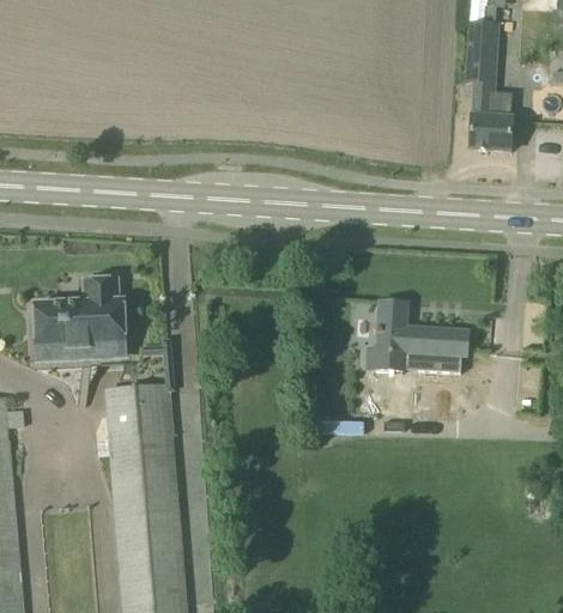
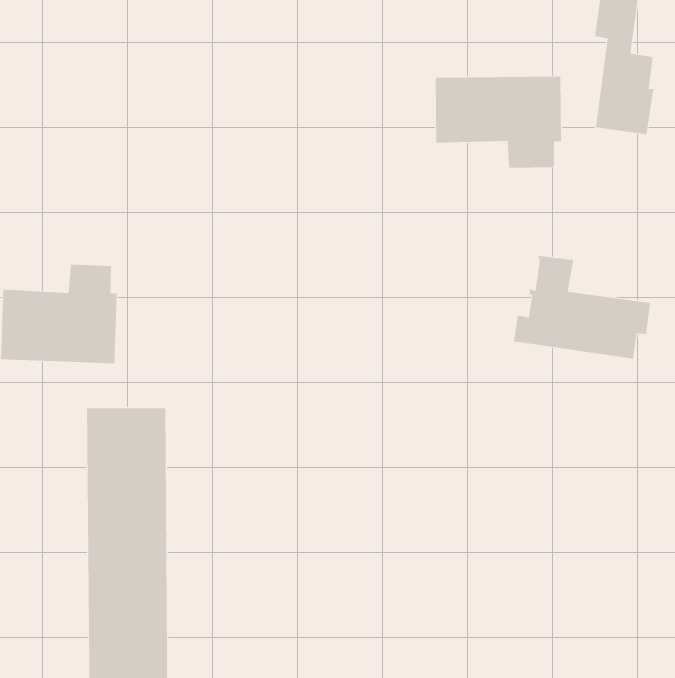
building: none -> [435,76,562,168]
building: [367,301,467,372] -> [513,255,651,359]

